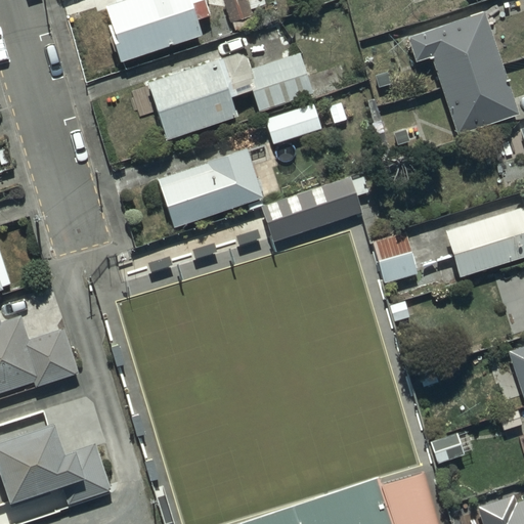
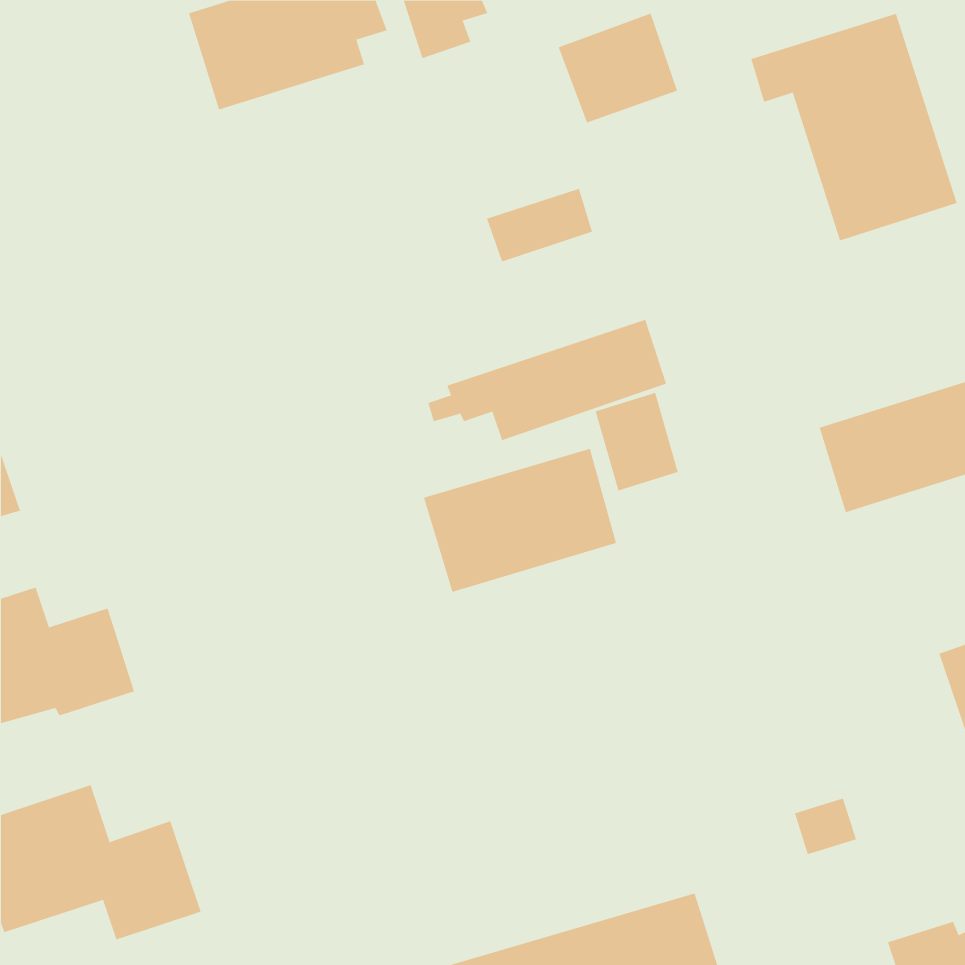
building: [249,54,313,114] -> [558,13,678,123]
building: [148,61,233,138] -> none
building: [158,146,262,224] -> [423,448,617,593]
building: [374,233,419,287] -> [595,392,679,491]

